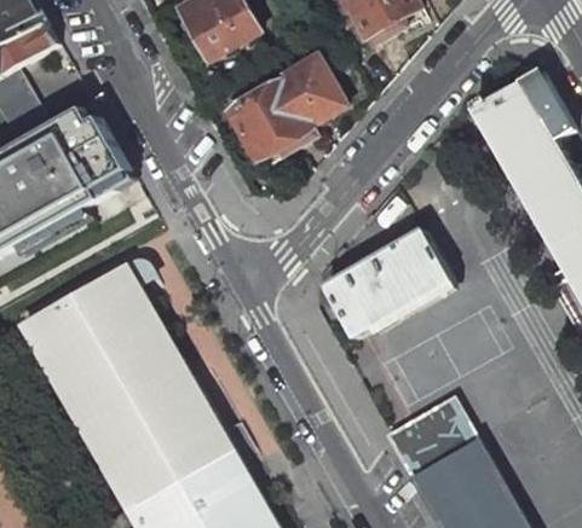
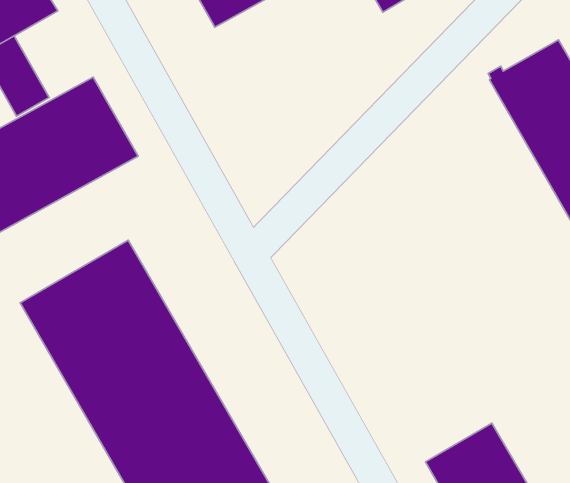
building: [229,56,345,159] -> none
building: [324,230,453,338] -> none
building: [387,398,477,478] -> none

